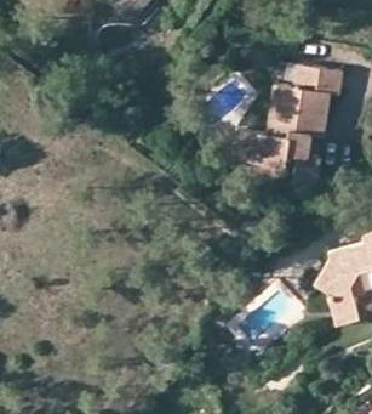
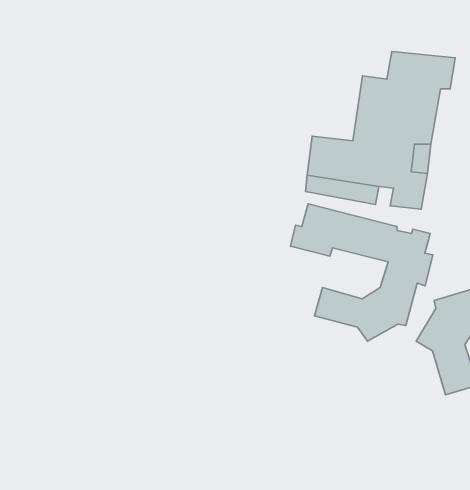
building: none -> [290,204,433,341]

